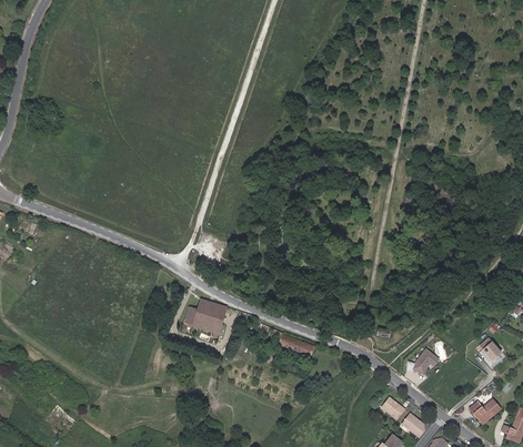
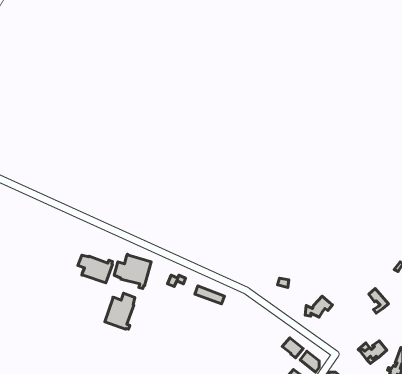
building: none -> [78,255,113,283]
building: none -> [105,293,135,329]

